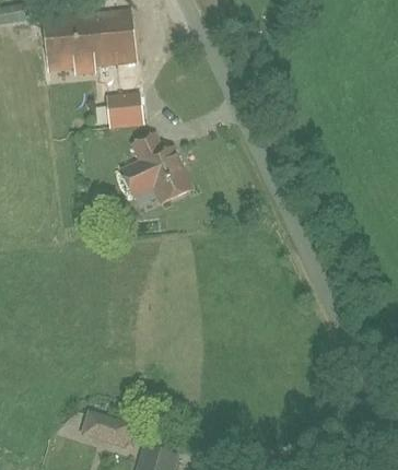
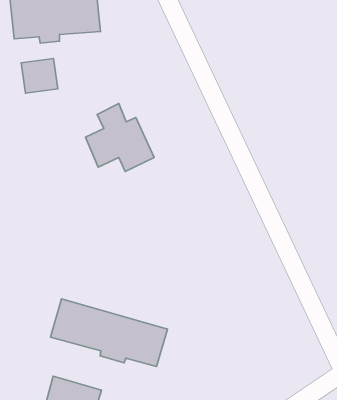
building: [106,92,143,127] -> [21,59,58,93]
building: none -> [50,299,167,367]

